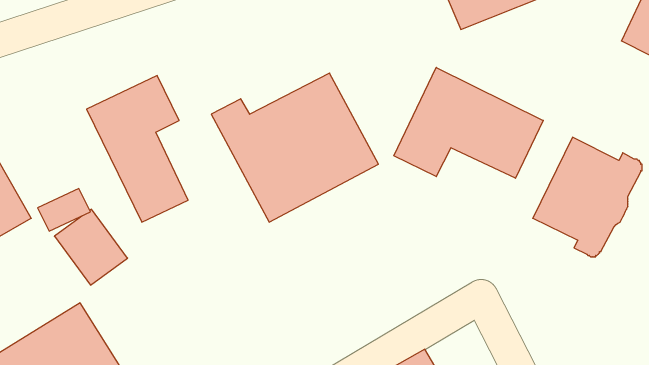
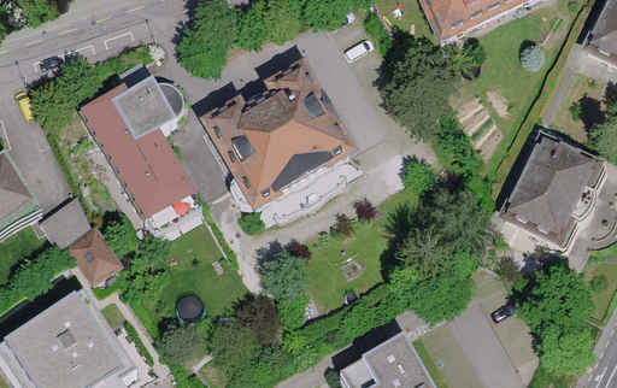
building: [394,67,543,178] -> none

